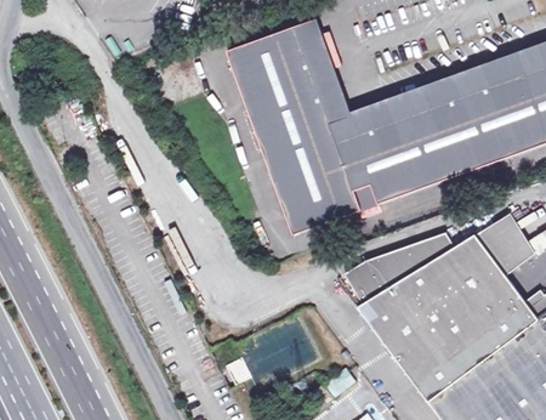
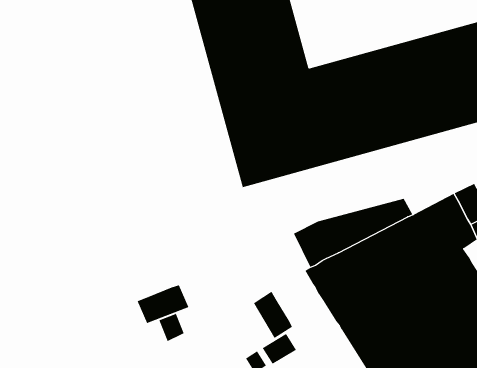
building: none -> [253,291,293,339]
building: none -> [137,284,189,324]

